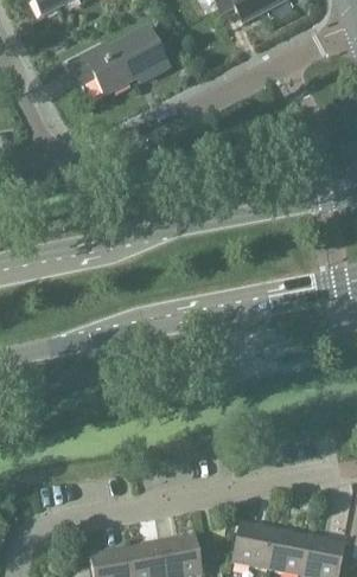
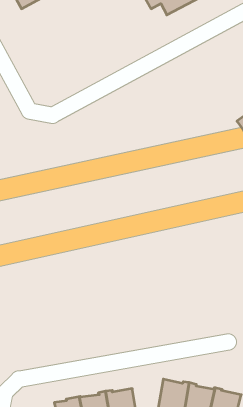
building: [69,27,168,95] -> none

